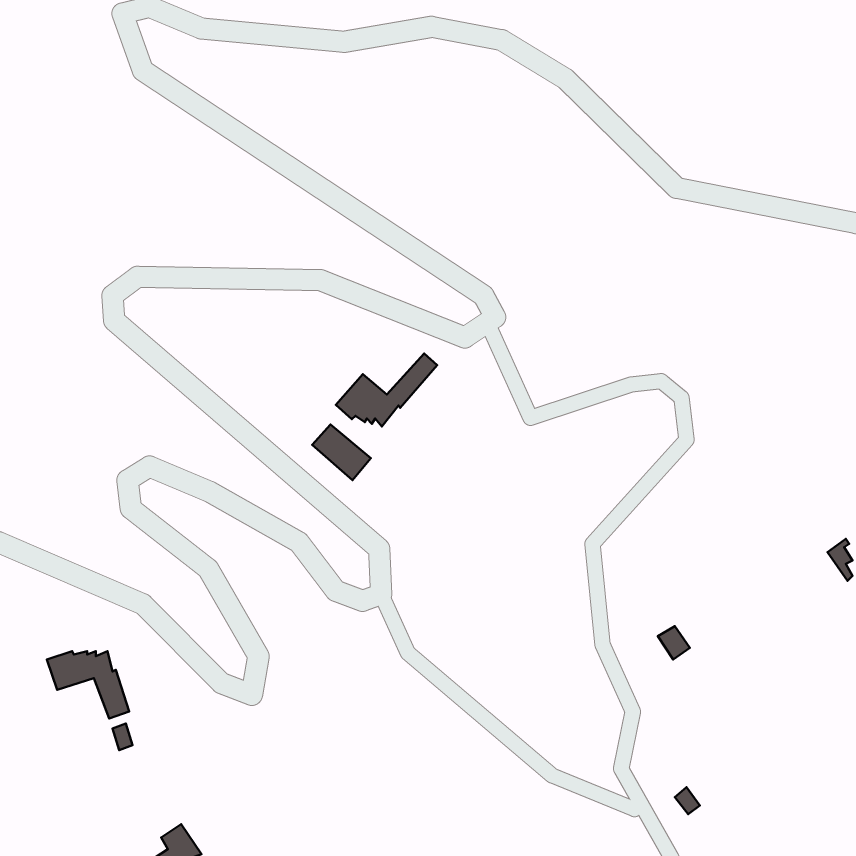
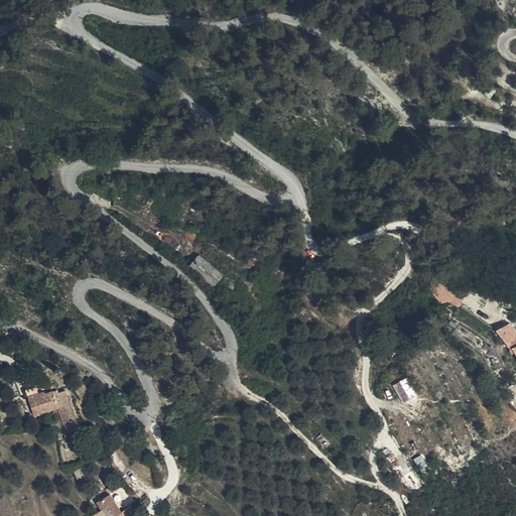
building: [336,354,437,426] -> none

